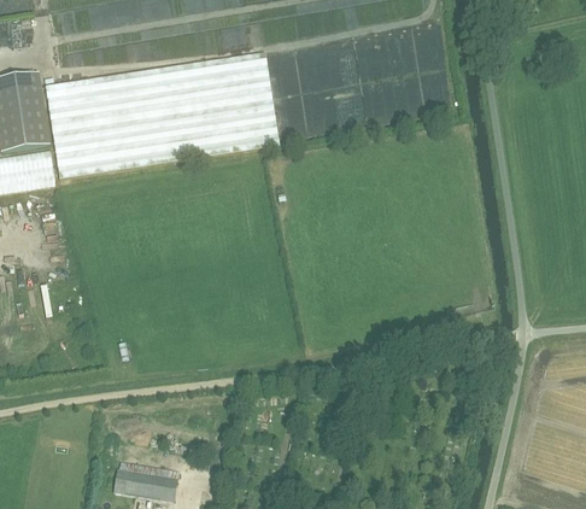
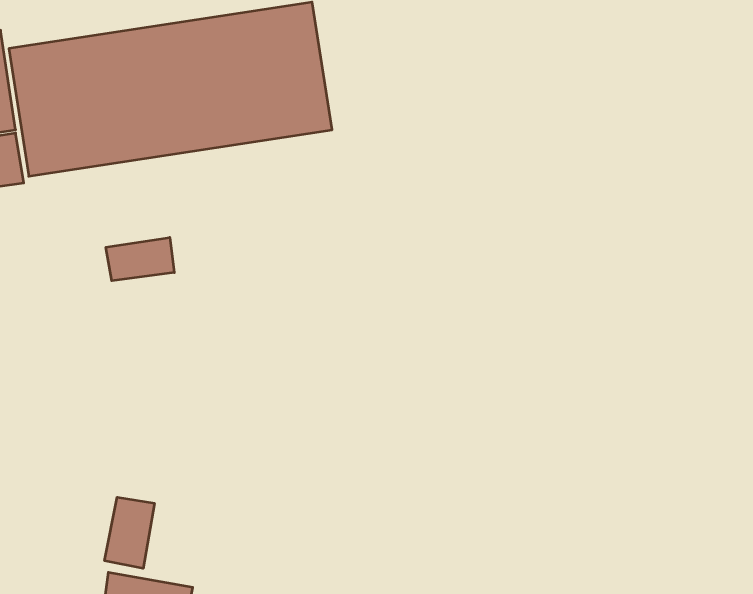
building: none -> [106,237,174,281]
building: none -> [105,497,154,568]

